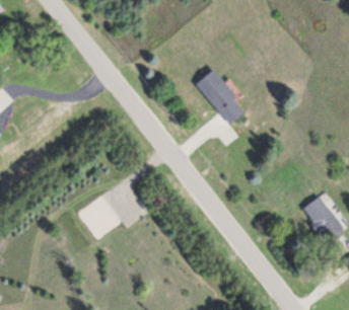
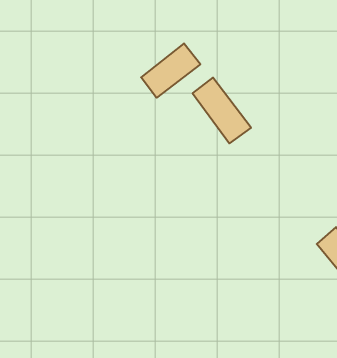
building: none -> [141,43,200,98]

